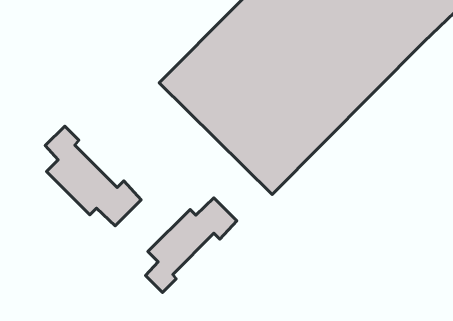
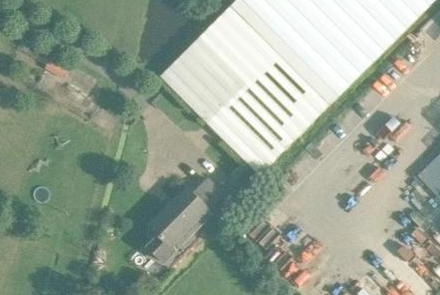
building: [45,126,141,226] -> none

